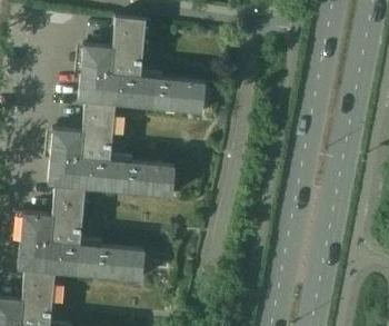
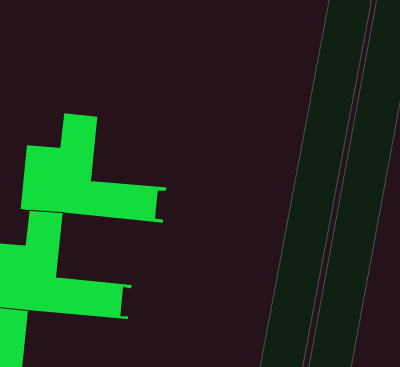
building: [78,17,205,112] -> none

